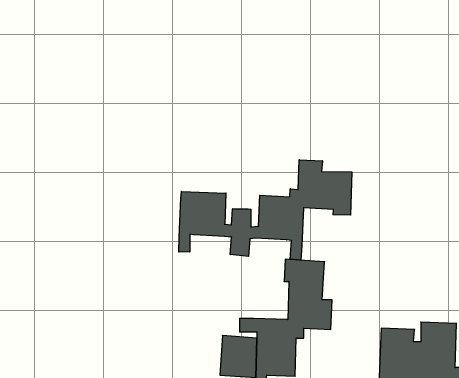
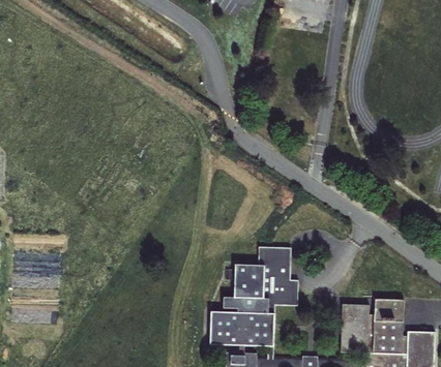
building: [179,160,352,260] -> none
building: none -> [234,263,264,296]

